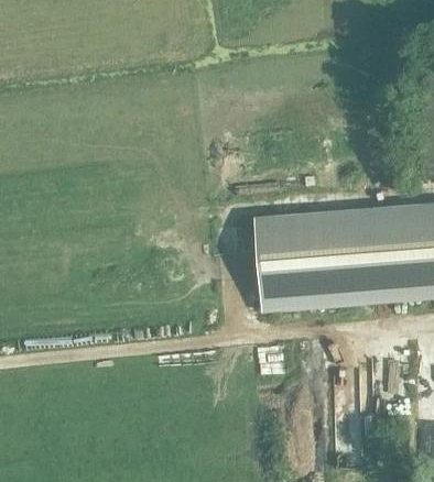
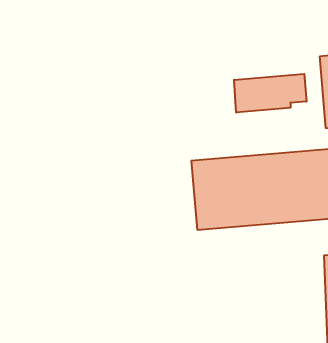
building: none -> [234,74,306,113]

